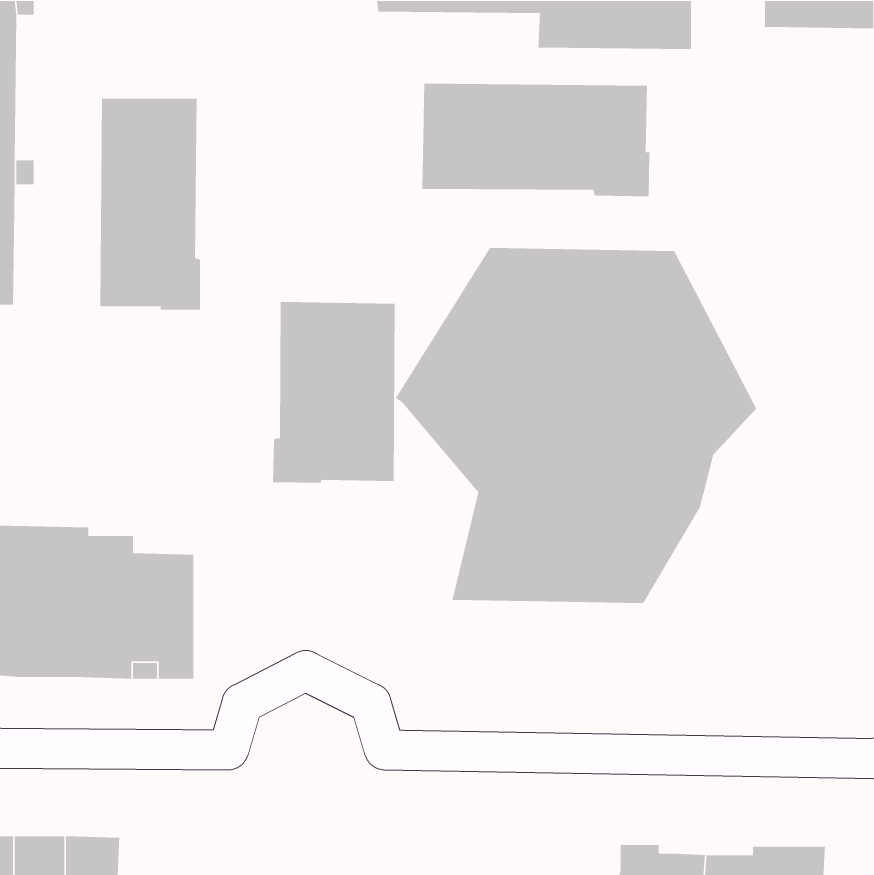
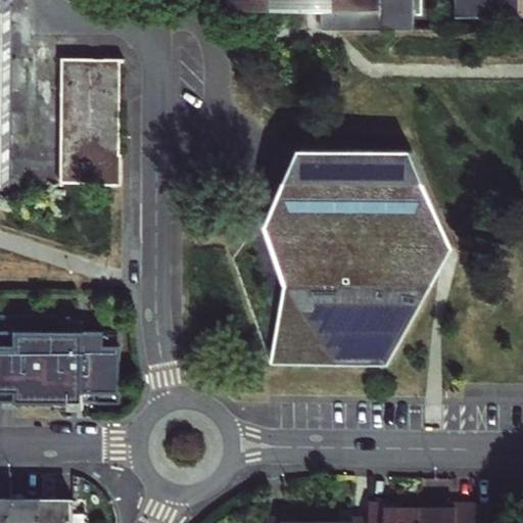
building: [421,83,650,197] -> none
building: [272,301,396,484] -> none

